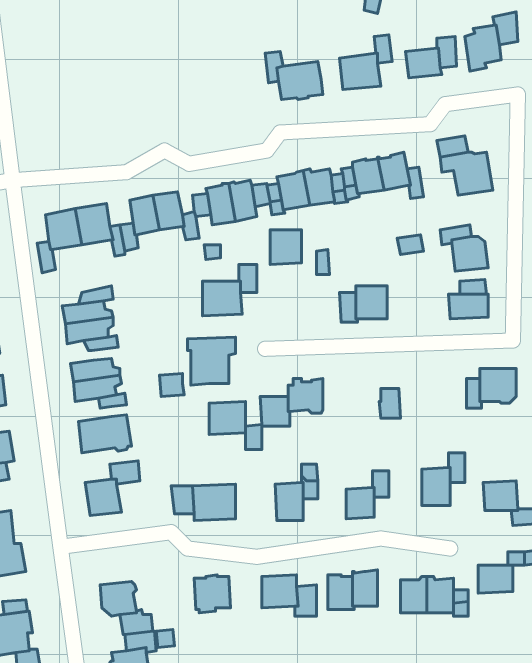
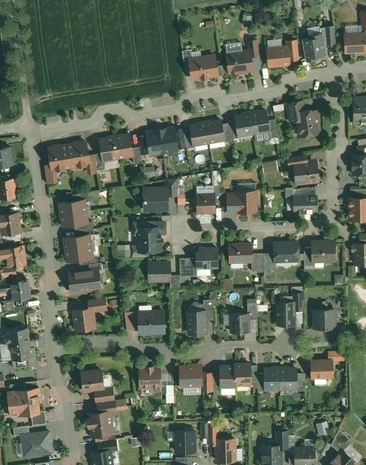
building: [270,230,301,265] -> [197,194,216,215]
building: none -> [274,242,298,261]
building: none -> [229,243,252,262]

